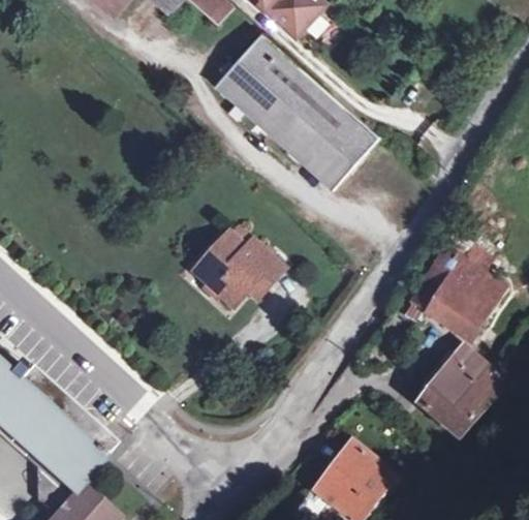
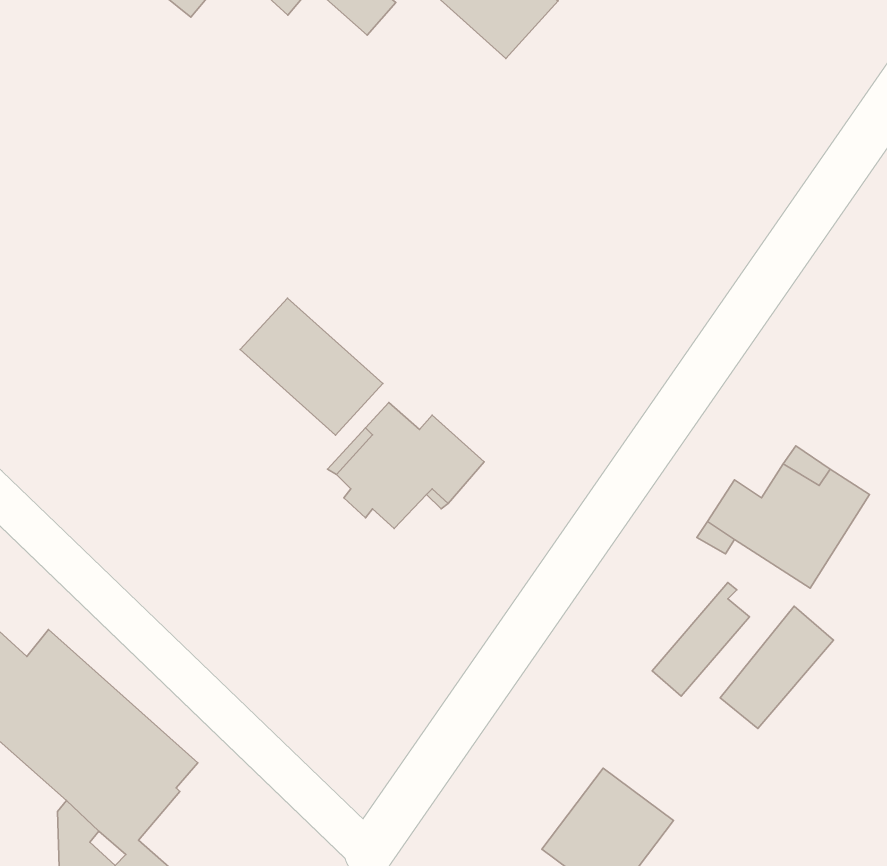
building: [215,32,379,190] -> none
building: none -> [240,298,383,435]
building: [439,370,495,435] -> [652,583,750,696]

